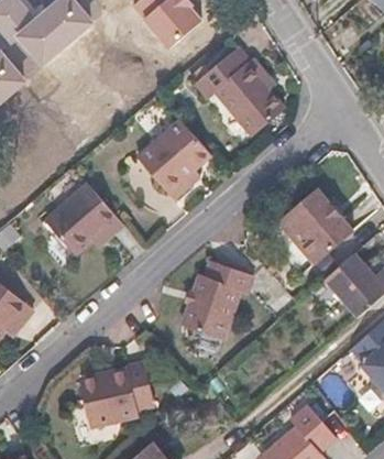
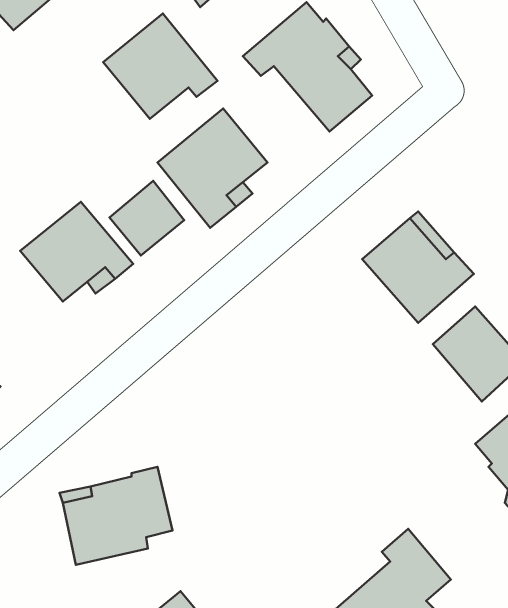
building: none -> [103,14,217,119]
building: none -> [110,181,184,255]
building: [187,262,254,339] -> none

